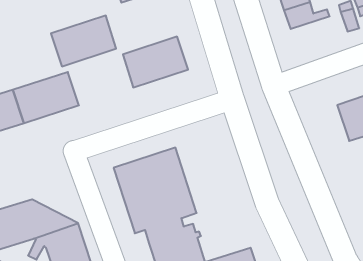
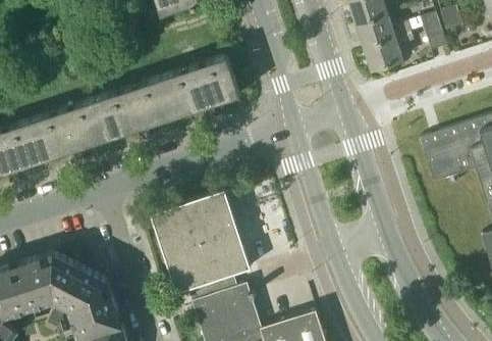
building: [51,16,116,66] -> [96,78,174,139]
building: none -> [364,32,414,71]

